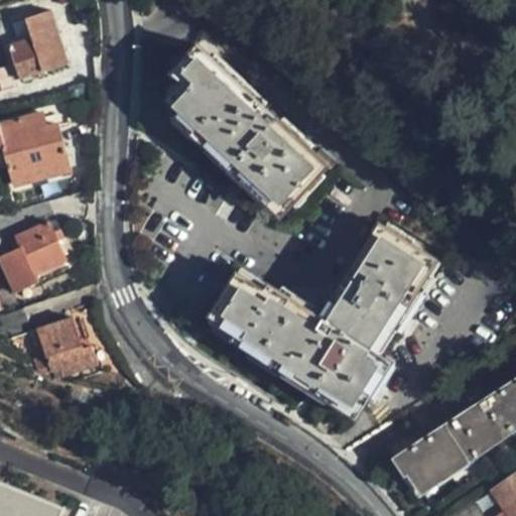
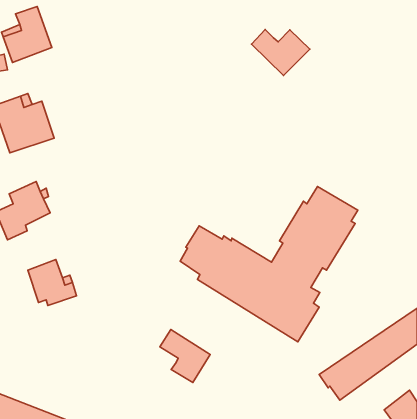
building: none -> [251,30,310,75]
building: [165,45,321,211] -> none
building: none -> [160,329,210,383]

